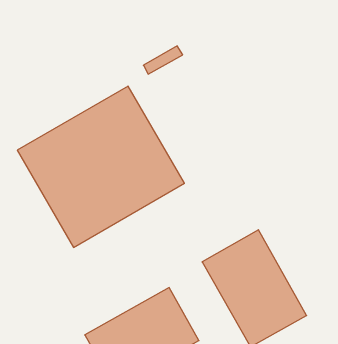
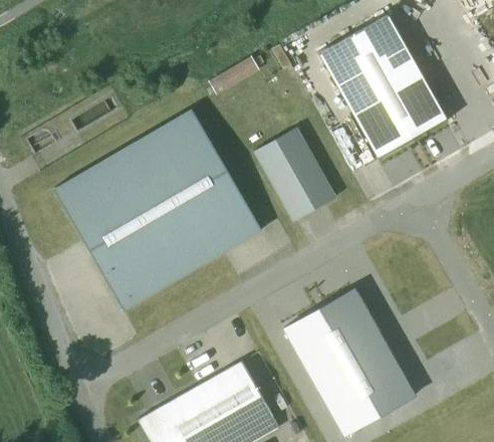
building: none -> [318,13,448,158]
building: none -> [254,127,335,219]

